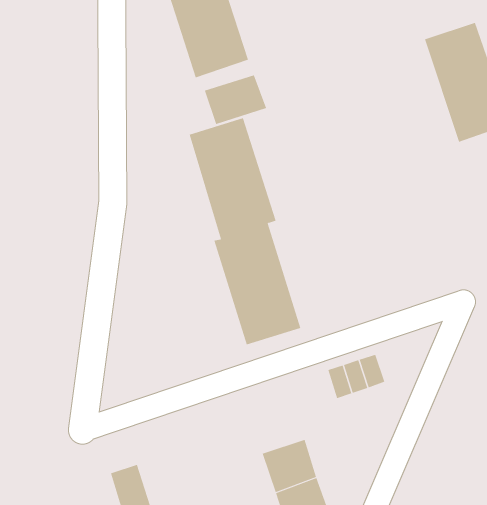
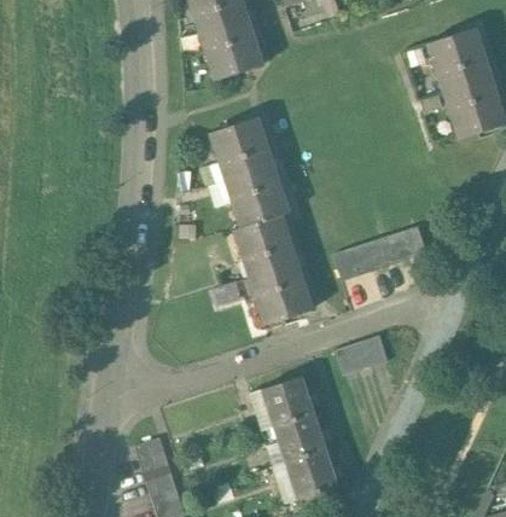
building: [204,75,267,125] -> none
building: none -> [331,226,426,281]
building: none -> [262,376,315,426]

